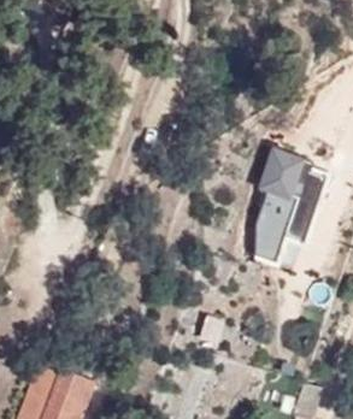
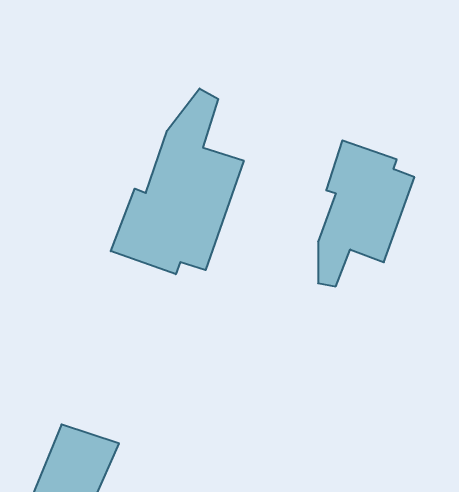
building: none -> [111,88,244,274]

